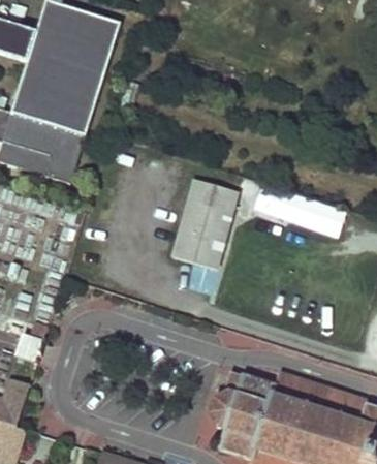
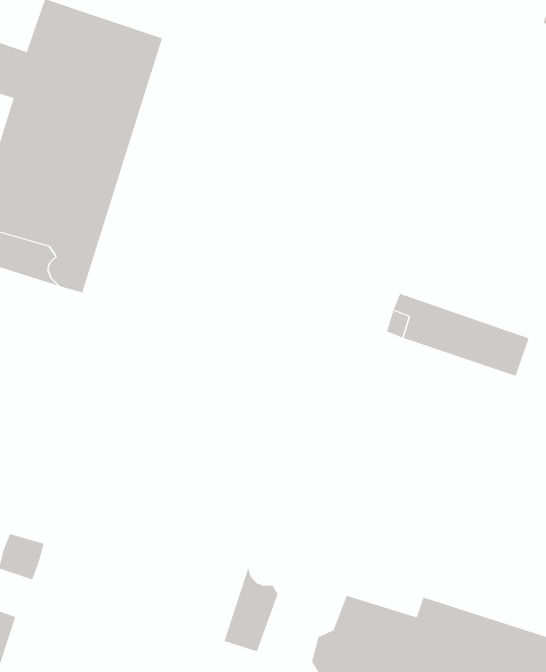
building: [174,179,239,269] -> none
building: none -> [224,566,278,652]

